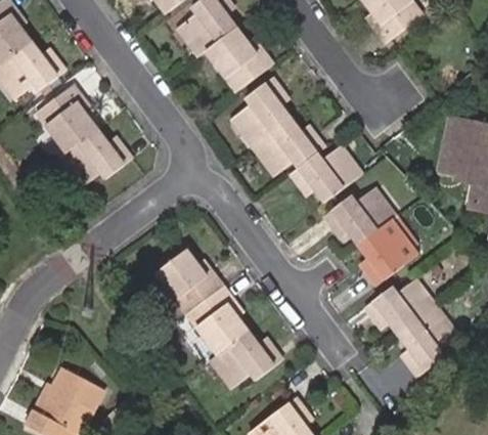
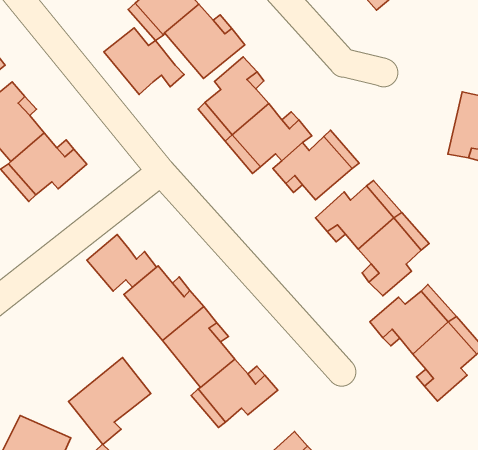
building: none -> [104,28,184,94]
building: none -> [87,235,156,291]
building: none -> [69,357,151,444]

